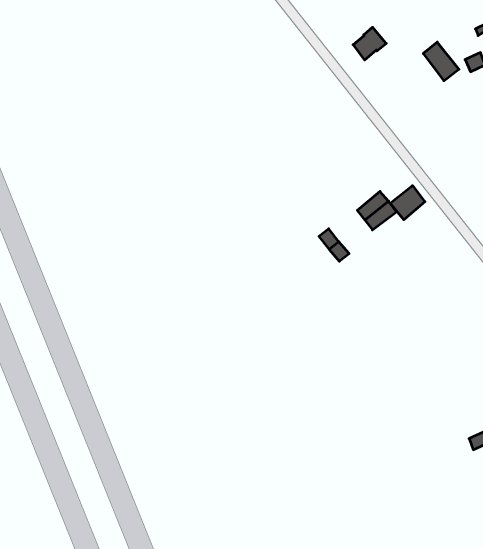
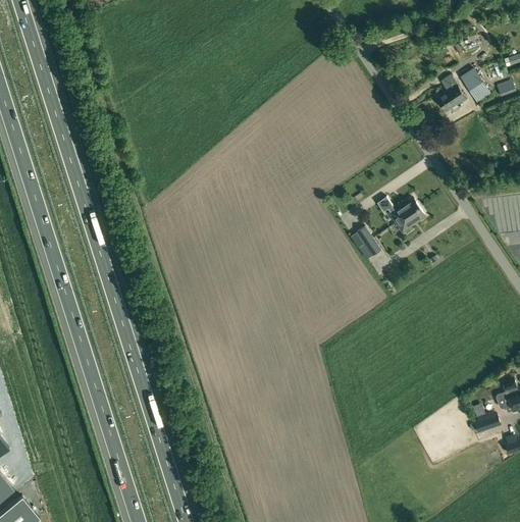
building: [353,27,386,60] -> [435,83,465,111]
building: [390,186,425,220] -> none

